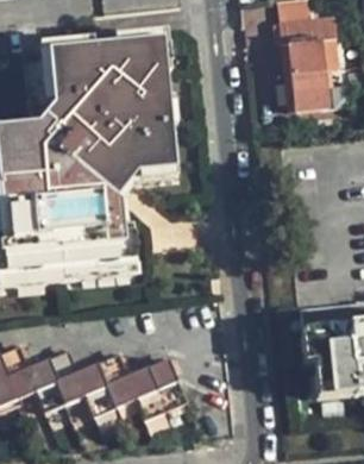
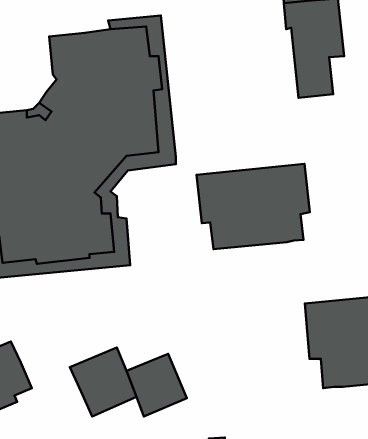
building: [38,39,88,106] -> none
building: none -> [196,164,310,249]
building: [26,351,84,413] -> none

